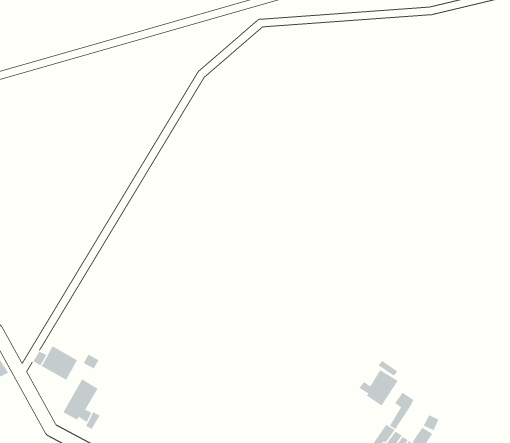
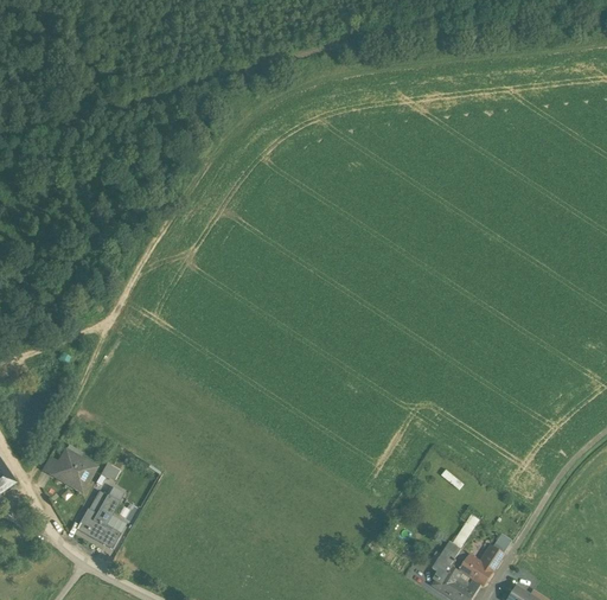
building: [358,369,399,407] -> none

